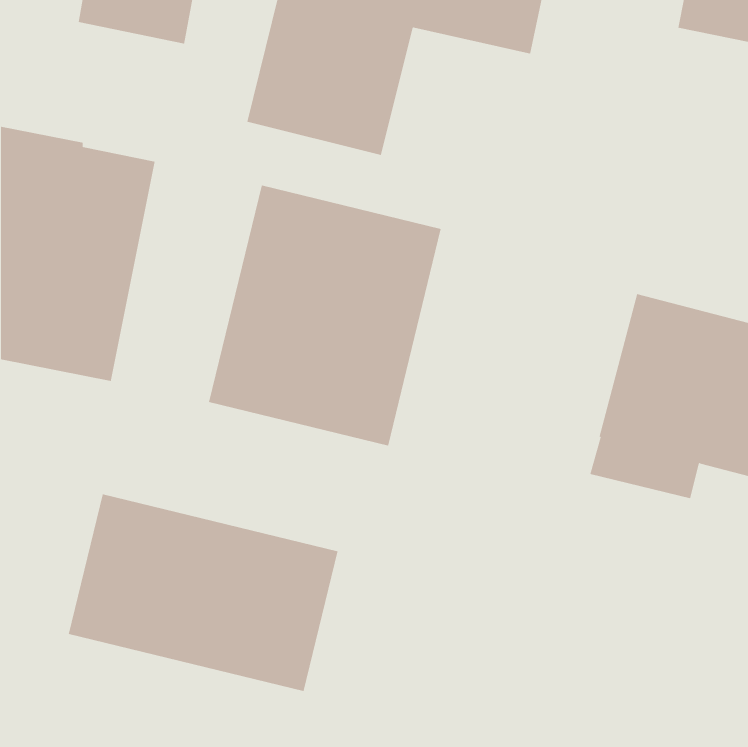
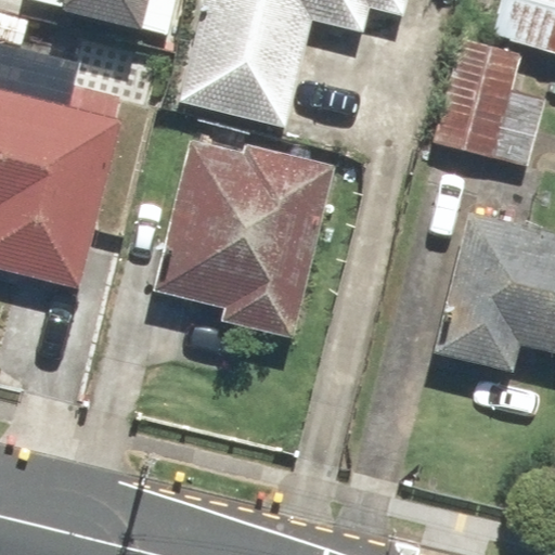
building: none -> [421,38,542,158]
building: [68,494,338,692] -> none

